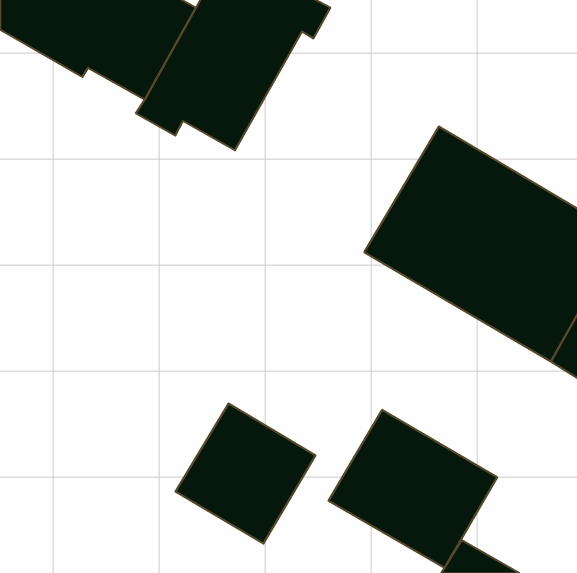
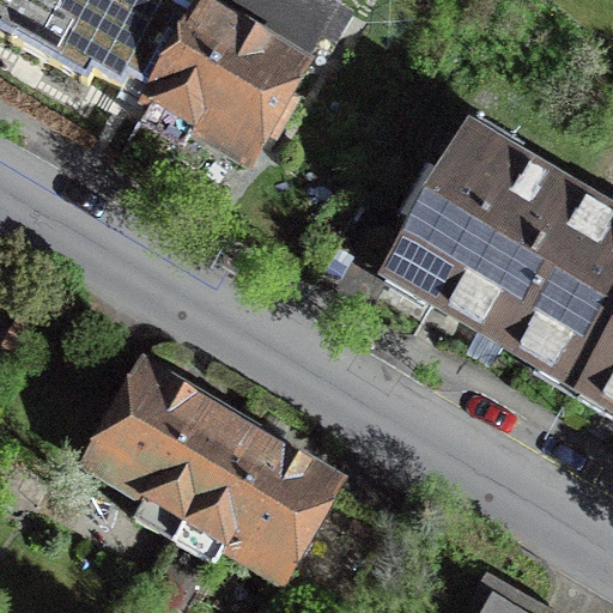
building: none -> [95,371,243,521]
building: [329,410,497,568] -> none

